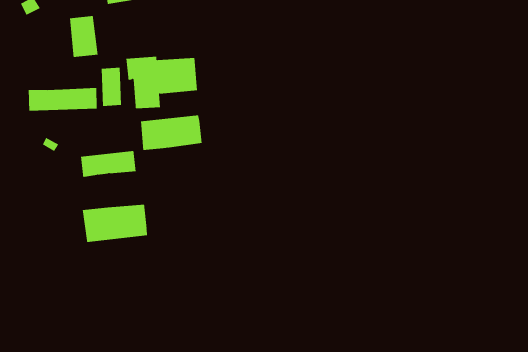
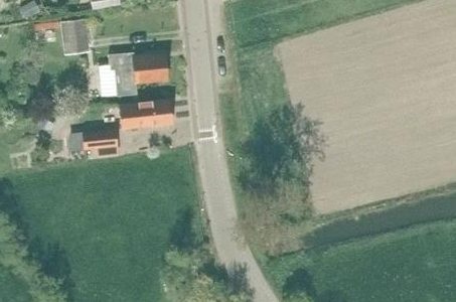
building: [28,87,97,111] -> none
building: [82,204,147,243] -> none

